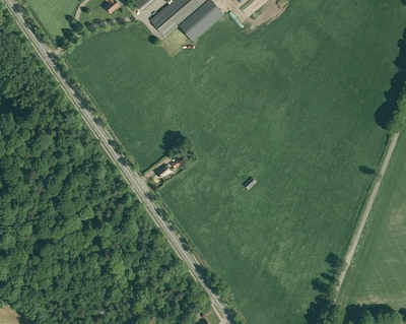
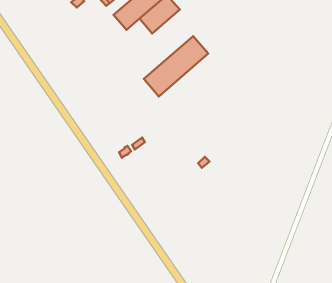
building: none -> [144,36,208,96]

